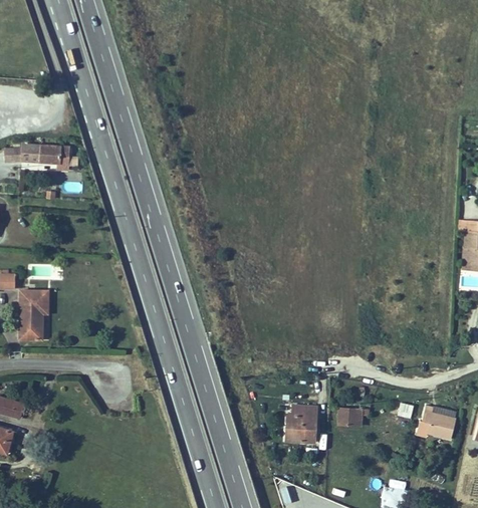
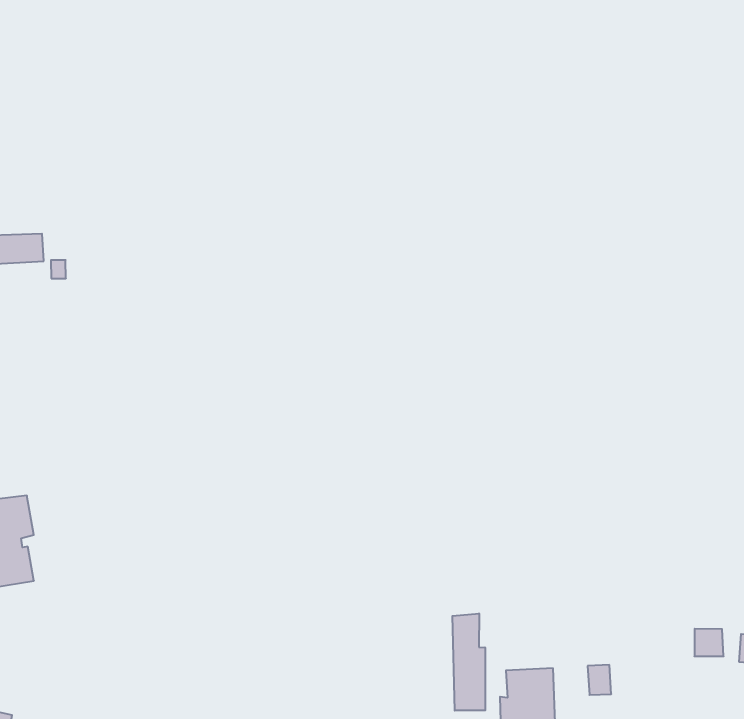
building: none -> [452,613,485,711]

